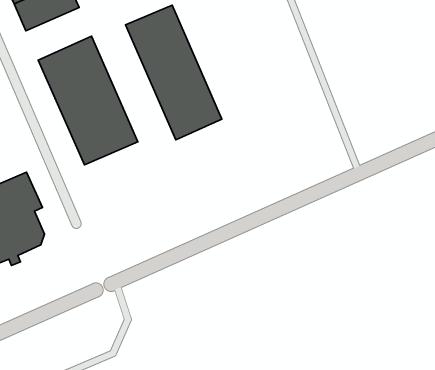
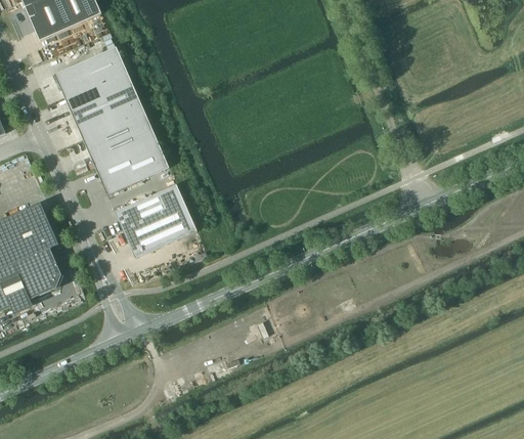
building: [126,5,222,140] -> none
building: none -> [114,183,196,257]

